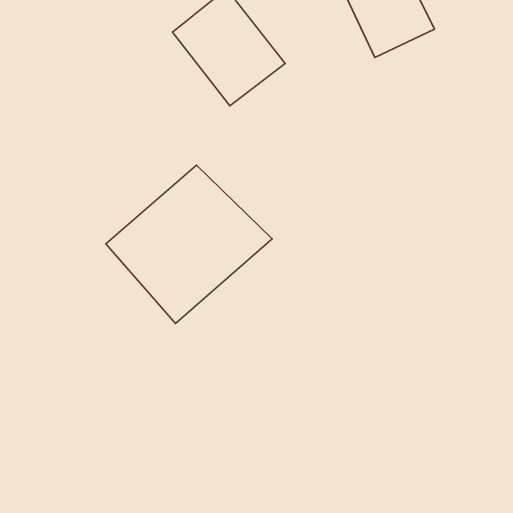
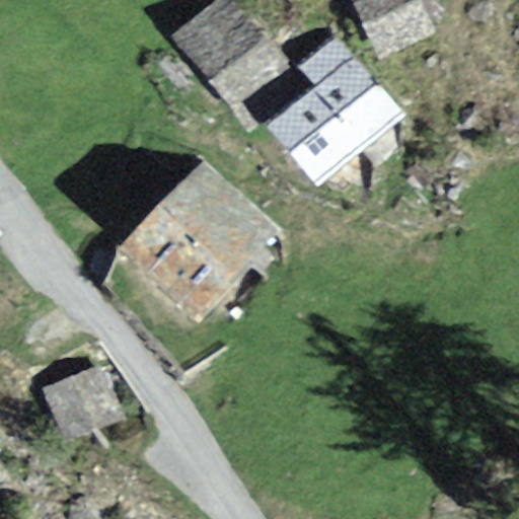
building: none -> [268,32,406,186]
building: none -> [25,370,107,441]

